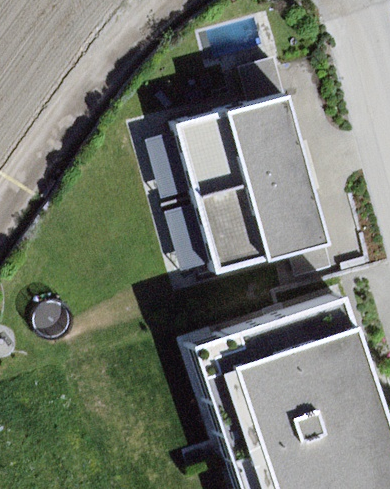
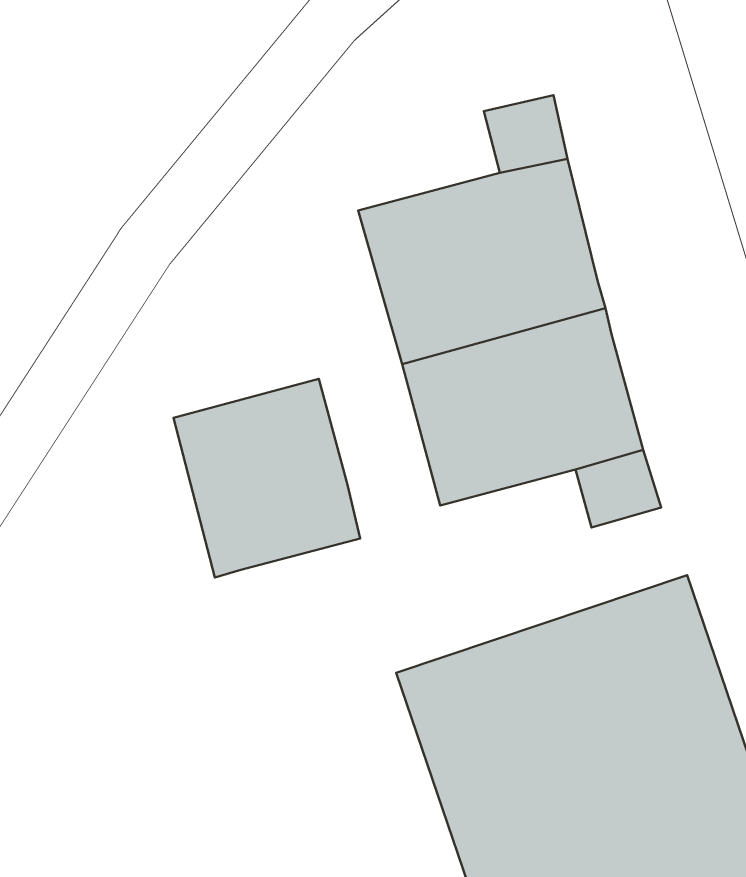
building: none -> [173,379,360,577]

